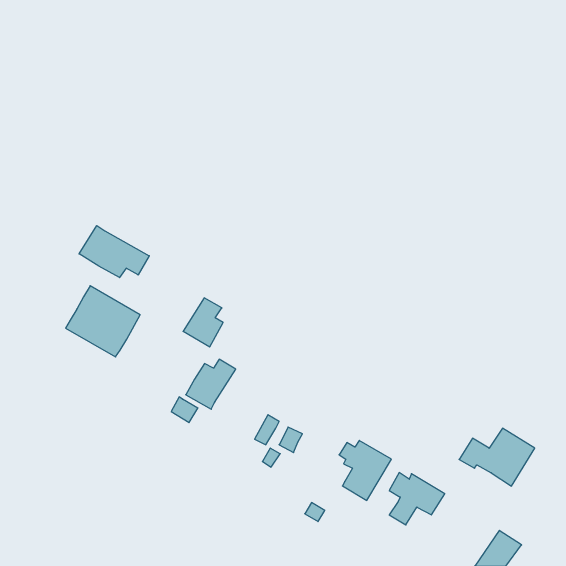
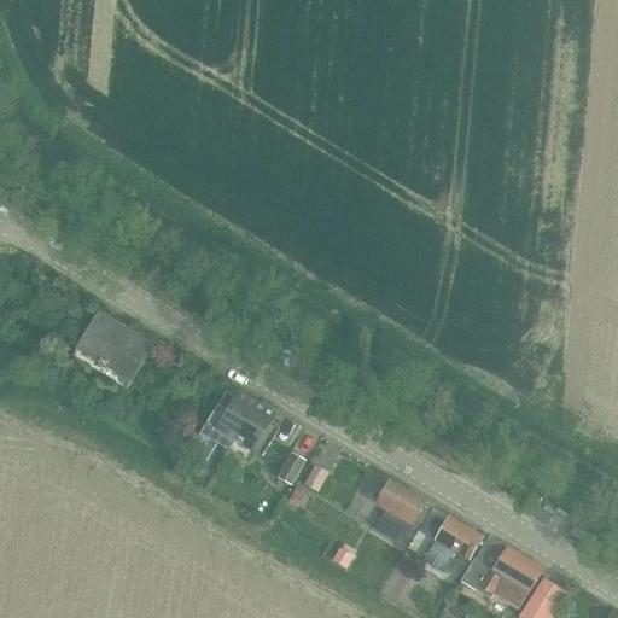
building: [79,226,149,278] -> none
building: [183,298,223,347] -> [233,401,276,454]
building: [459,428,535,486] -> [460,546,542,608]

